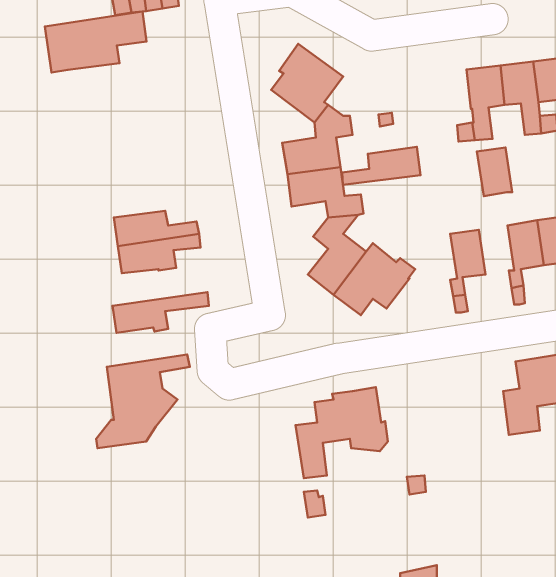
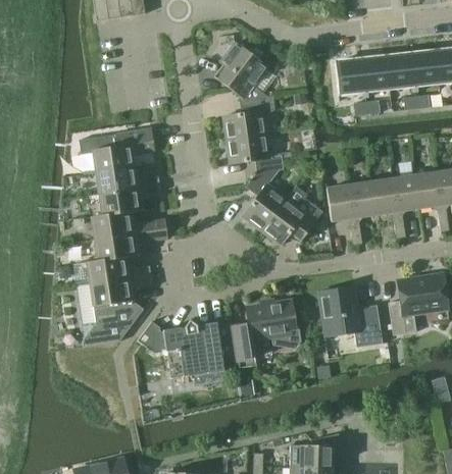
building: [45,12,147,73] -> [79,128,155,174]
building: none -> [336,61,364,94]
building: [342,147,420,185] -> none
building: [477,147,512,196] -> [370,178,397,215]
building: none -> [327,185,354,221]
building: none -> [92,211,166,239]
building: none -> [87,255,151,284]
building: none -> [318,286,383,347]
building: none -> [138,320,235,378]

